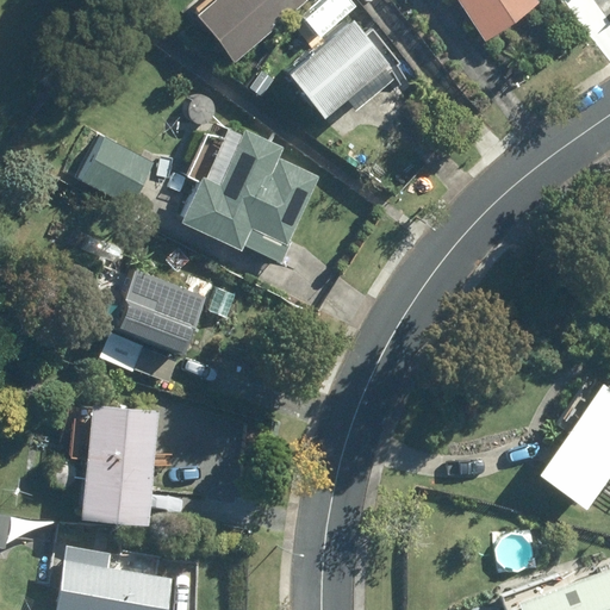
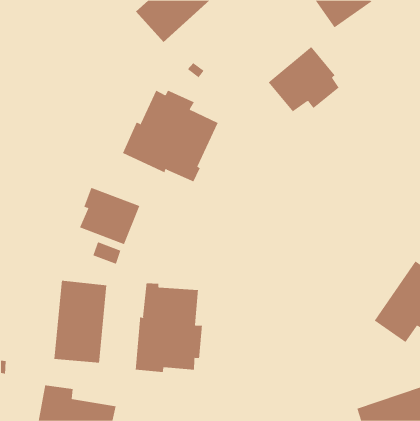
building: [288,21,392,117] -> [268,46,340,112]
building: [81,138,152,205] -> none
building: none -> [135,282,203,373]

